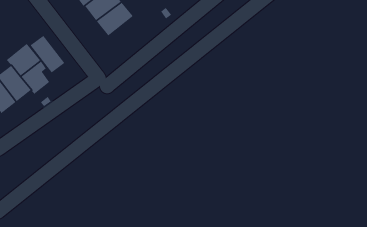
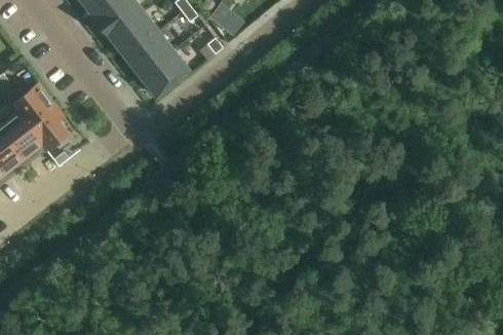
building: none -> [141,50,189,97]
building: [29,35,66,73] -> none

